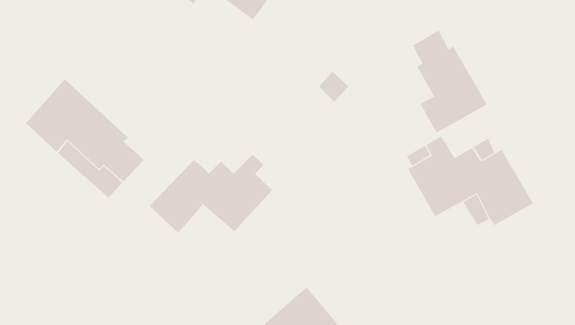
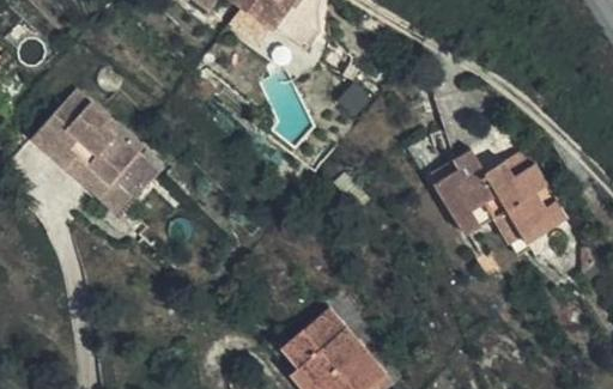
building: [412,30,487,133] -> none
building: [149,154,273,233] -> none

